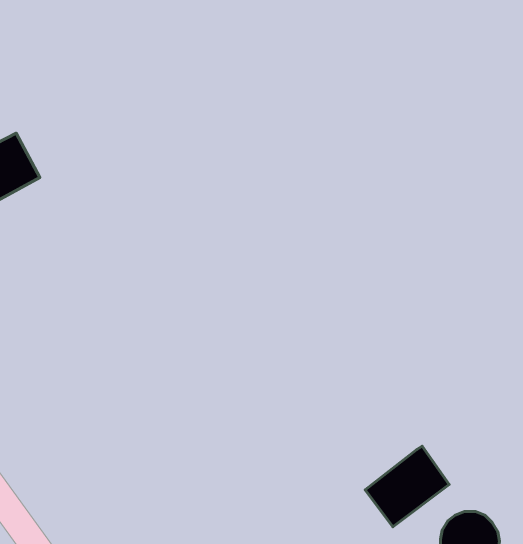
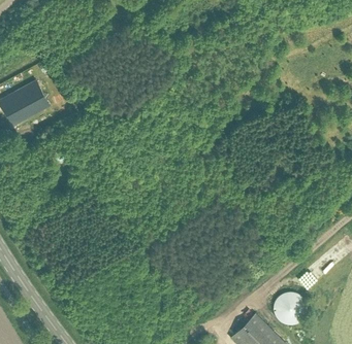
building: [365,446,449,527] -> none

